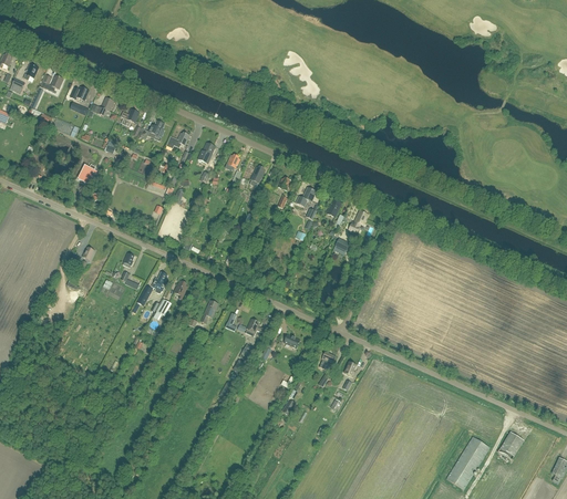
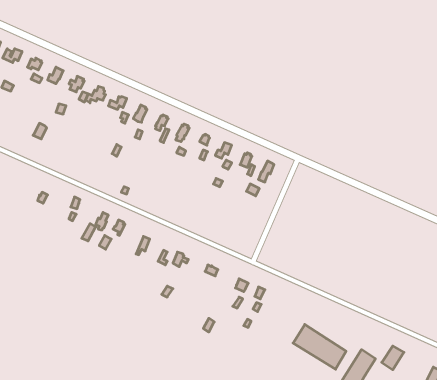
building: none -> [293,324,346,369]

